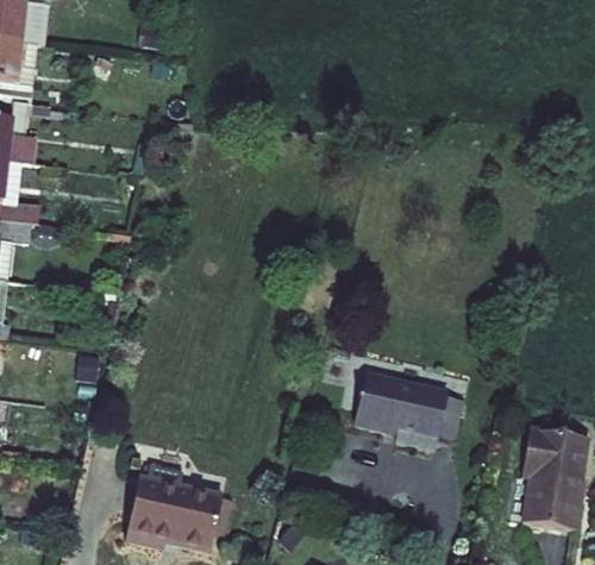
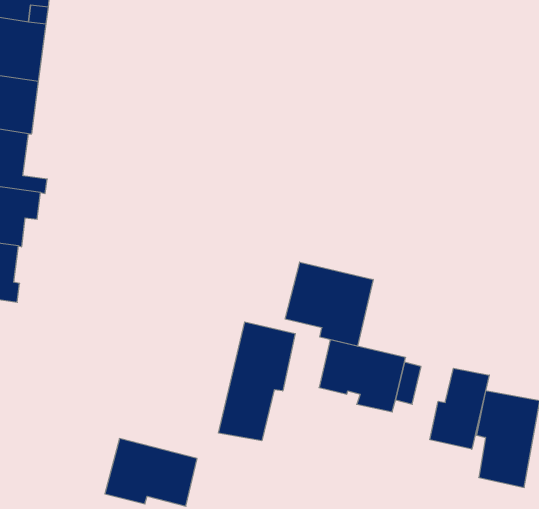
building: none -> [285,262,373,346]
building: none -> [219,322,295,441]
building: none -> [430,368,489,449]

